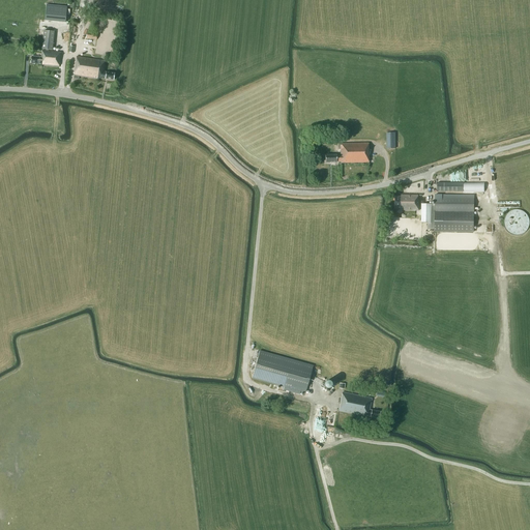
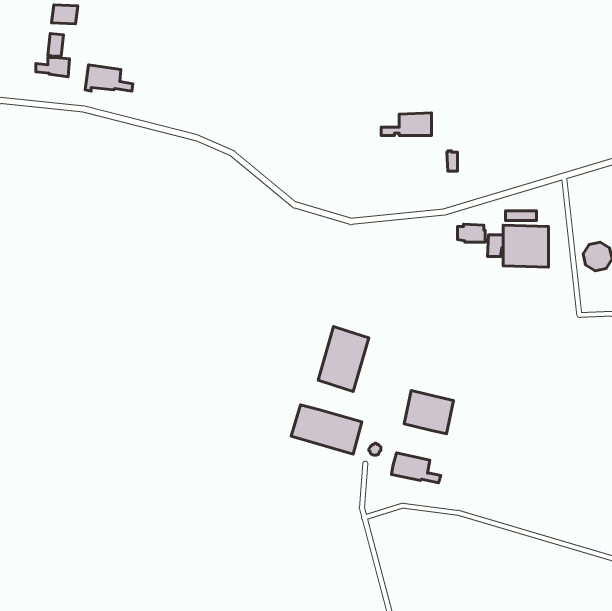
building: [325,142,369,161] -> [381,113,432,136]
building: none -> [318,326,369,392]
building: none -> [404,391,454,434]

